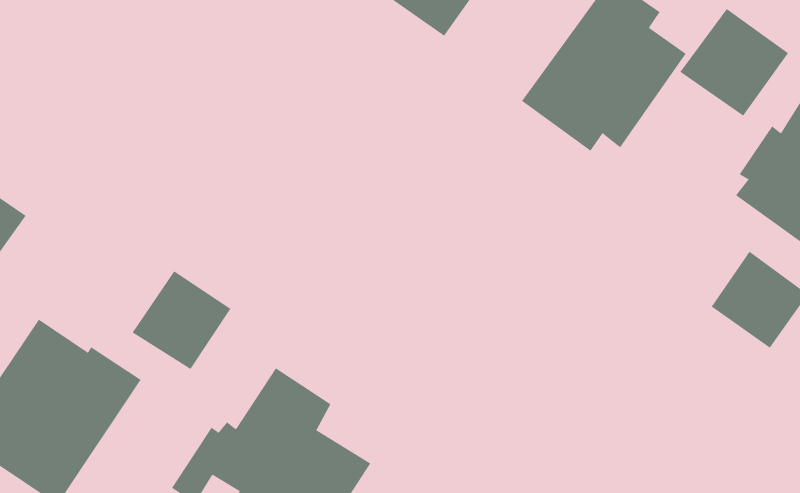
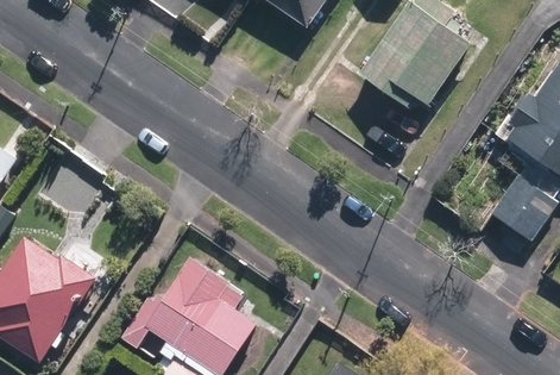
building: [679,8,789,116] -> none
building: [132,270,231,370] -> none

